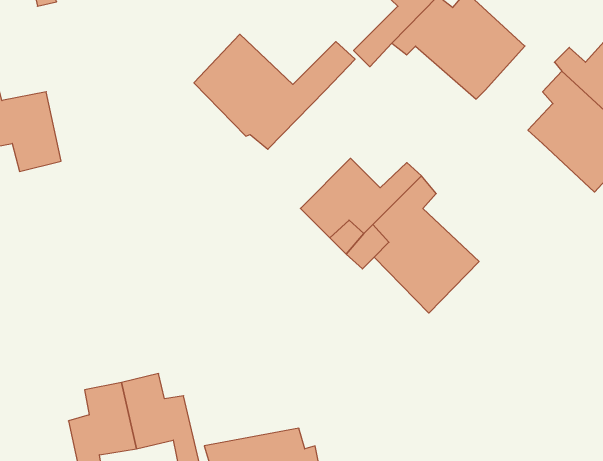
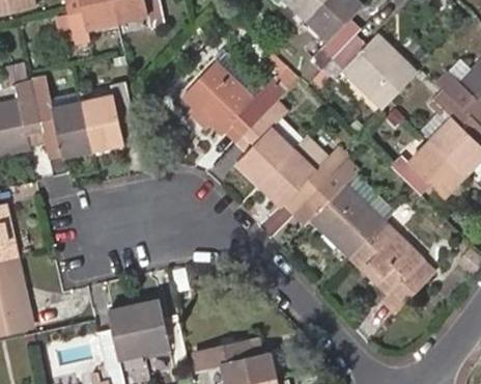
building: none -> [81,82,132,152]
building: none -> [236,102,294,185]
building: none -> [391,139,465,195]
building: none -> [349,222,433,313]

